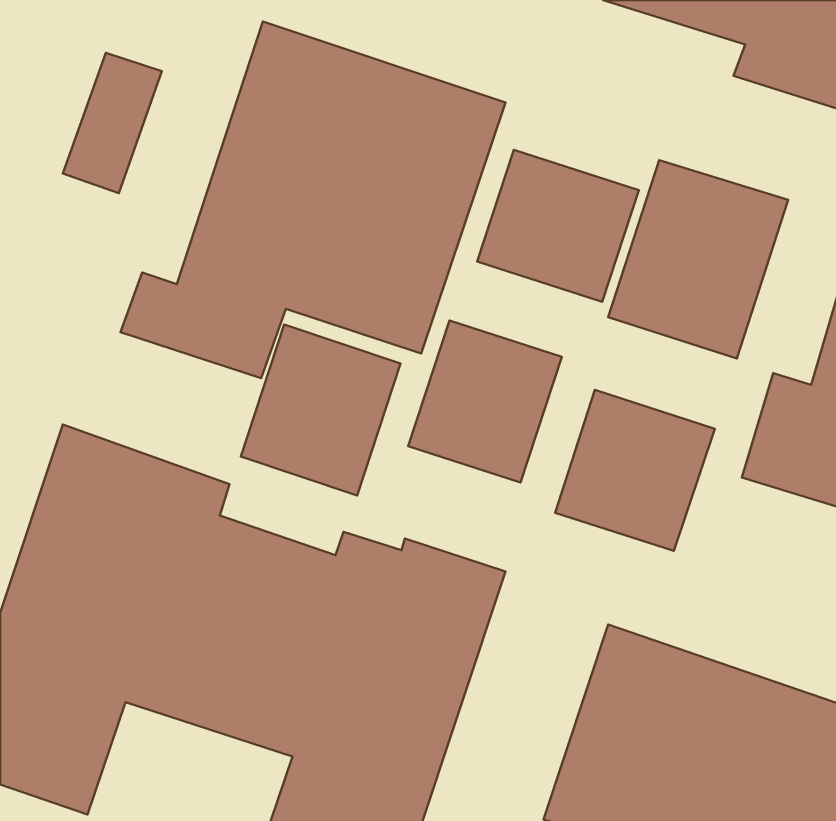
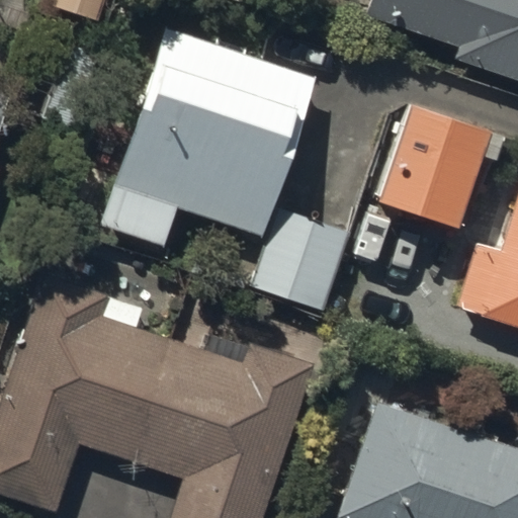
building: [477,150,639,302] -> none
building: [241,325,401,496] -> none
building: [555,390,715,551] -> none

